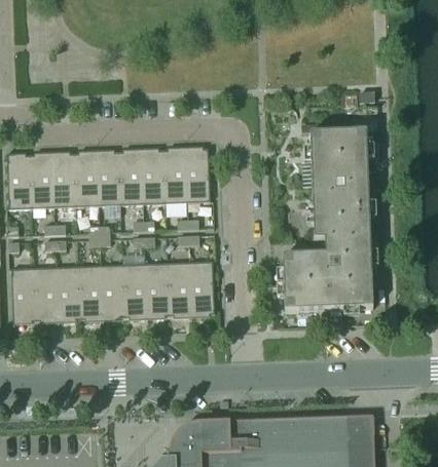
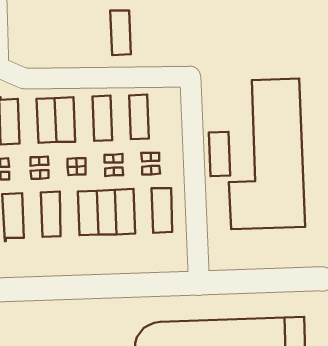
building: [184,149,210,202] -> [209,132,230,176]
building: [140,151,165,204] -> [110,10,131,55]
building: [96,152,120,206] -> none
building: [29,155,53,208] -> none
building: [168,262,191,316] -> none
building: [79,266,103,319] -> none
building: [34,267,59,321] -> none

